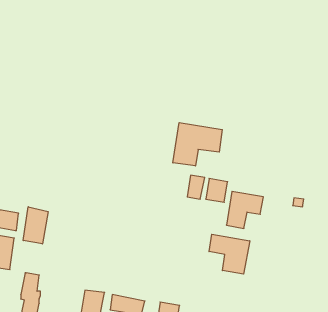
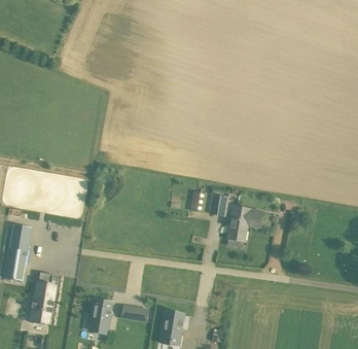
building: [173,123,222,166] -> none
building: [23,207,48,244] -> none
building: [209,234,250,274] -> none

